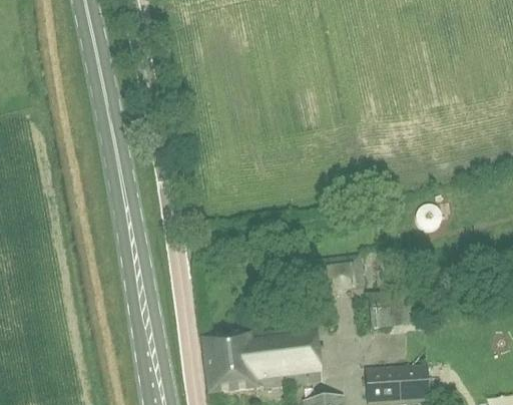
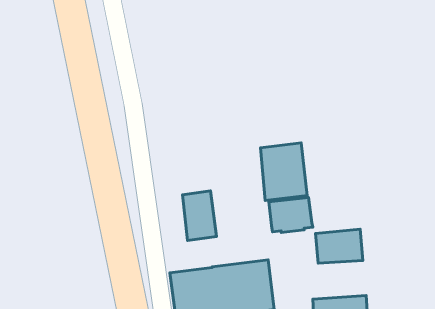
building: none -> [260,143,307,201]
building: none -> [182,191,216,241]

